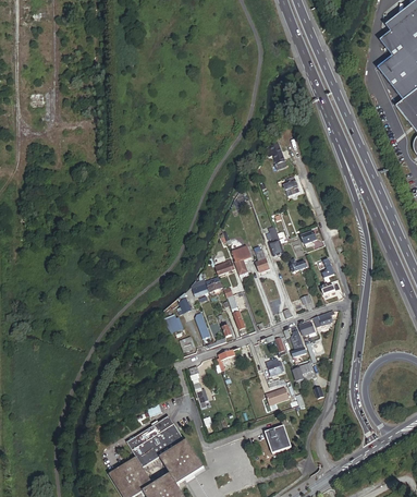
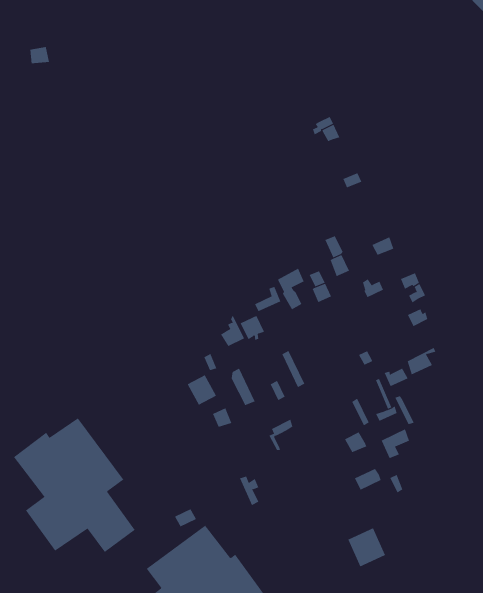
building: none -> [13,417,136,553]

